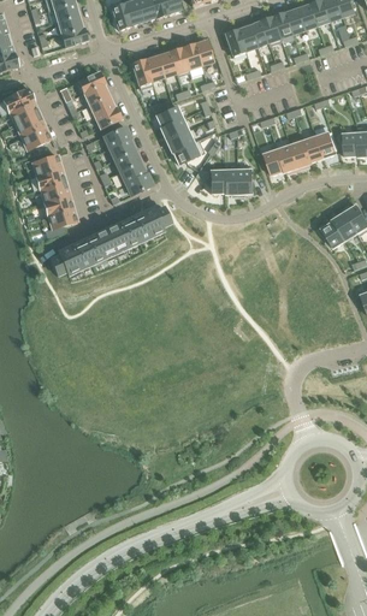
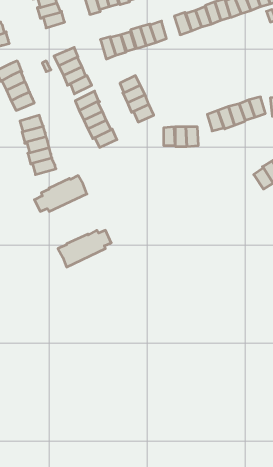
building: [105,207,171,253] -> [58,230,111,267]

